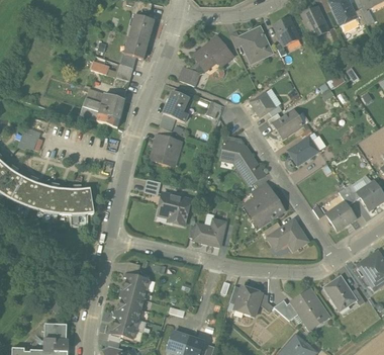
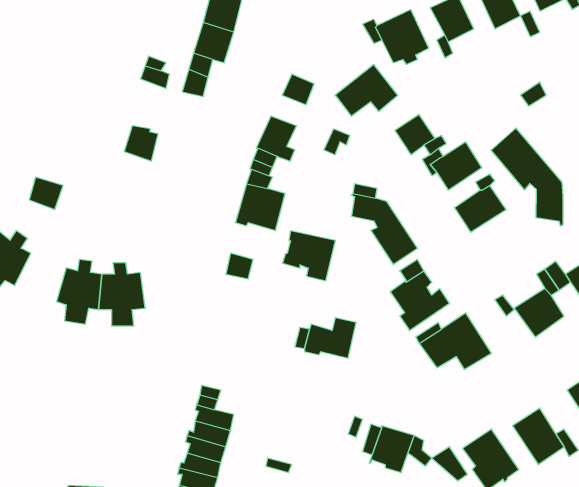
building: [193,35,232,68] -> [335,65,398,116]
building: [97,93,124,126] -> none
building: none -> [491,128,563,226]
building: [11,175,43,216] -> none
building: [157,193,190,225] -> [282,231,336,281]

